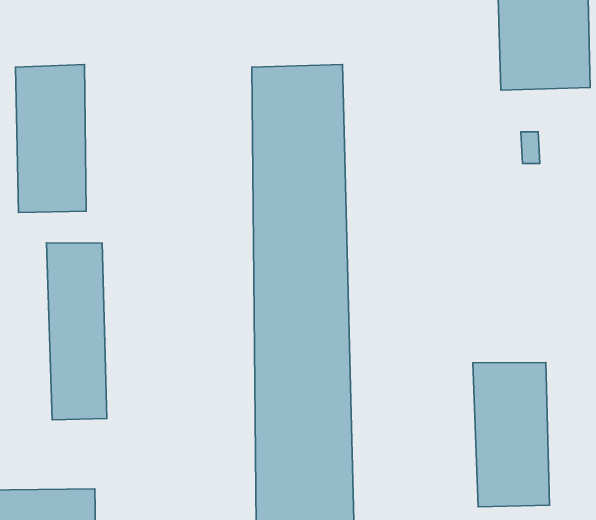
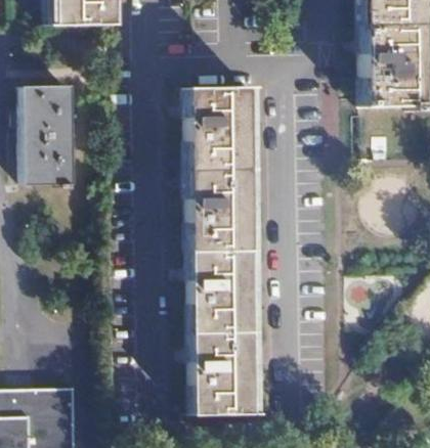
building: [46,243,107,420] -> none
building: [473,363,549,507] -> none

